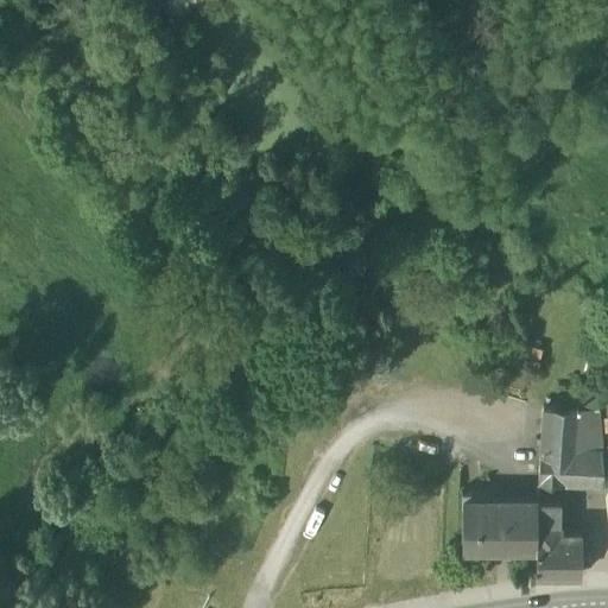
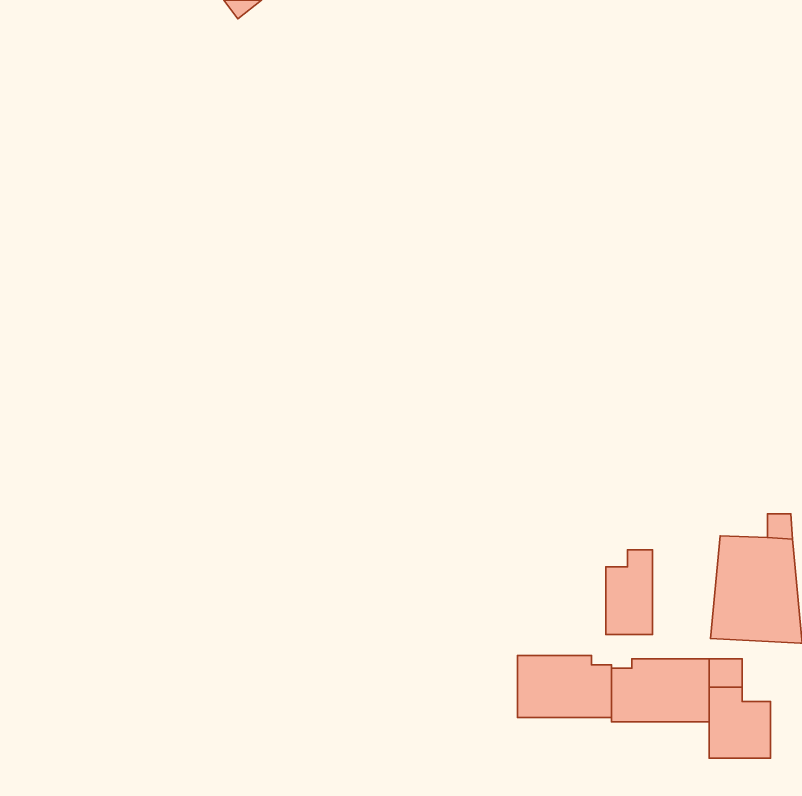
building: none -> [606,550,652,634]
building: none -> [517,655,611,717]

